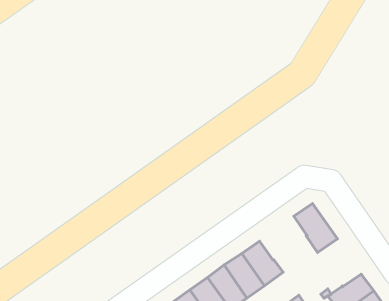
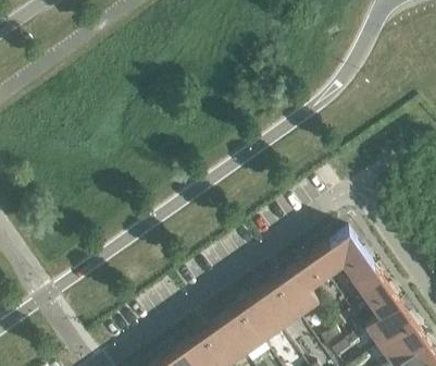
building: none -> [290,244,340,290]
building: none -> [351,268,397,318]

